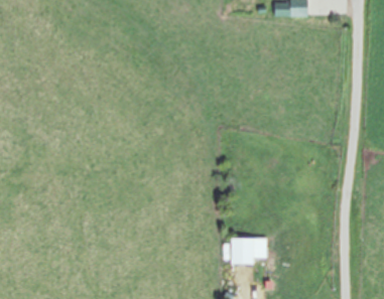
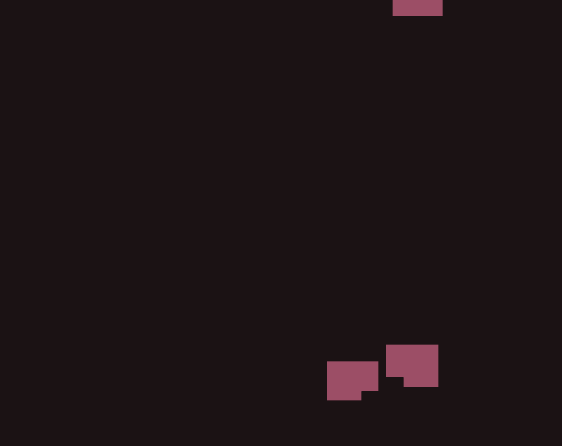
building: none -> [385,344,439,388]

